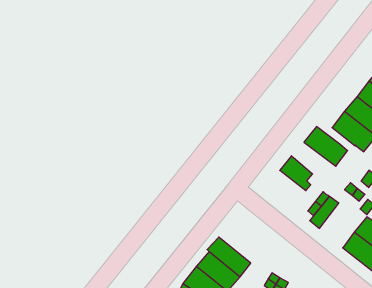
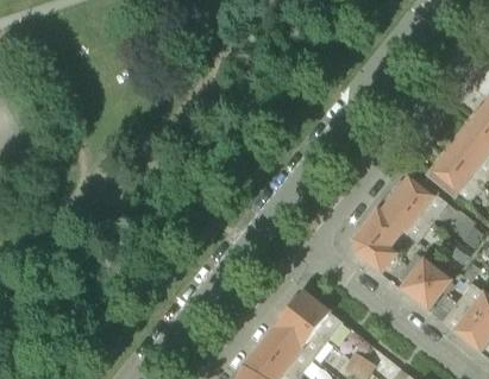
building: none -> [380,191,432,241]
building: none -> [352,226,400,273]
building: none -> [412,266,451,309]
building: none -> [288,289,341,340]

